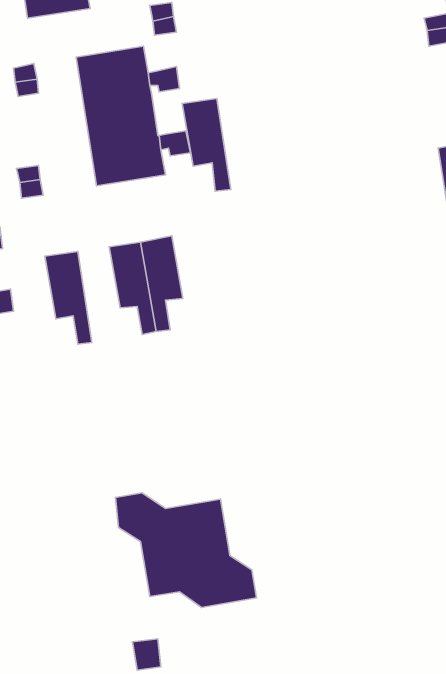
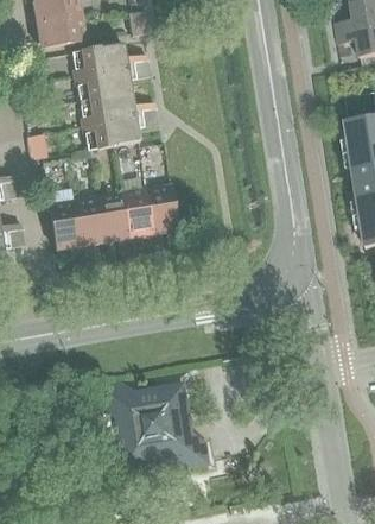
building: none -> [33,14,84,46]
building: [182,99,231,191] -> [142,183,179,253]
building: none -> [71,195,103,267]

